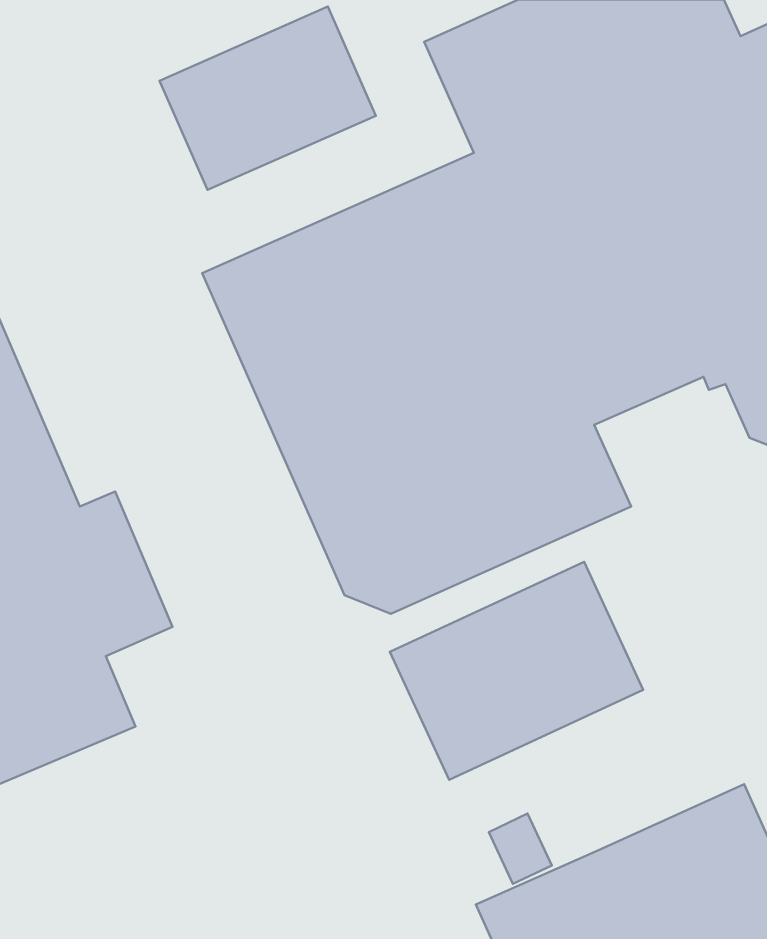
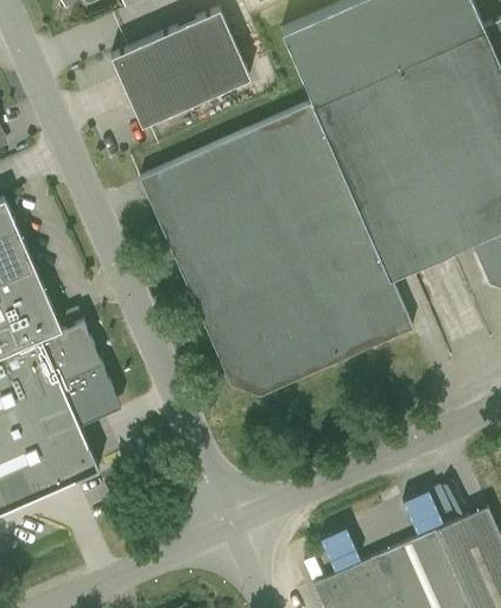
building: [390,562,643,780] -> none

